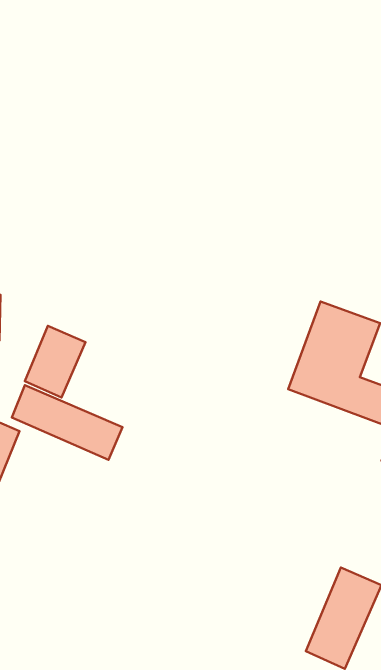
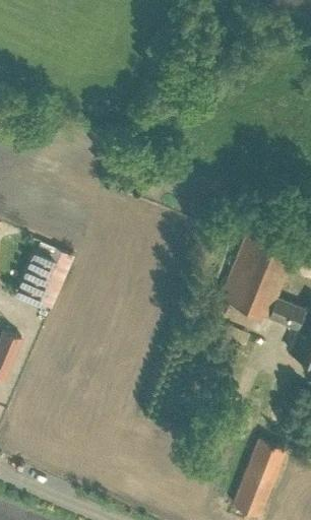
building: [12,385,123,460] -> none

